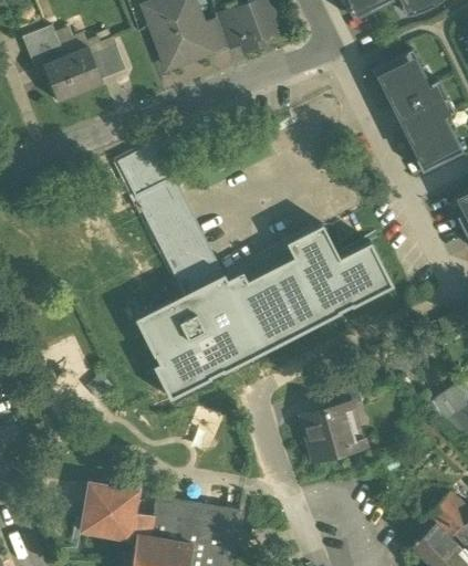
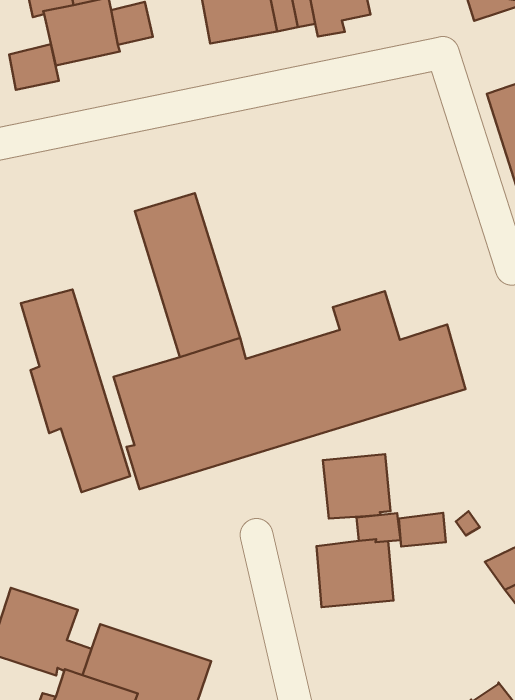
building: none -> [9,44,59,90]
building: [115,142,174,198] -> none
building: none -> [21,289,130,492]
building: none -> [323,454,391,519]
building: none -> [399,513,446,547]

